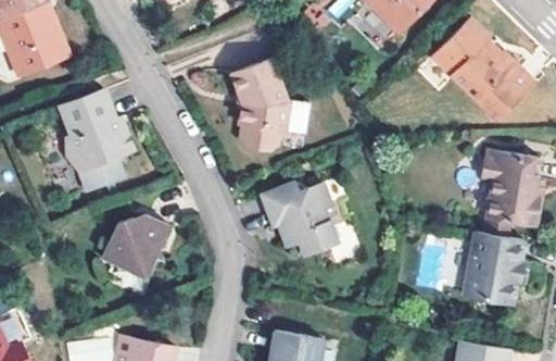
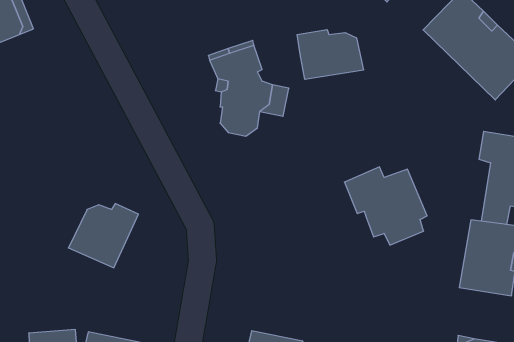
building: none -> [297,30,363,79]
building: [59,91,130,189] -> none
building: [264,183,341,256] -> [344,167,427,245]

